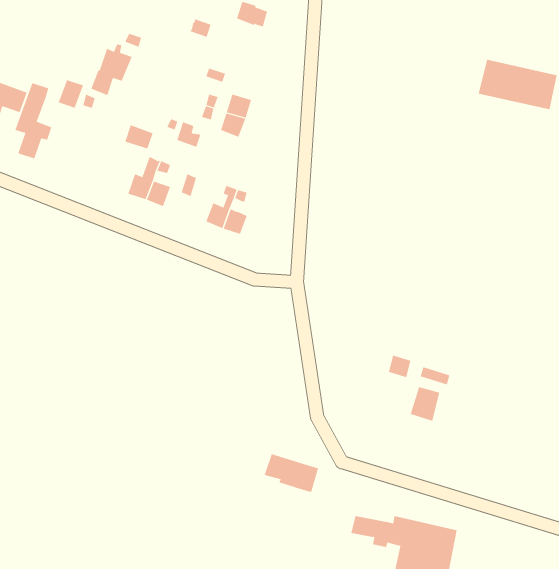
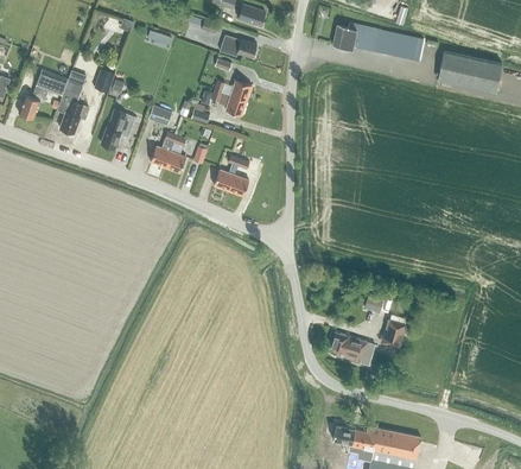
building: none -> [332,23,422,61]
building: none -> [220,34,256,57]
building: [90,44,132,96] -> [101,106,135,148]
building: [264,454,319,493] -> [330,332,375,365]

